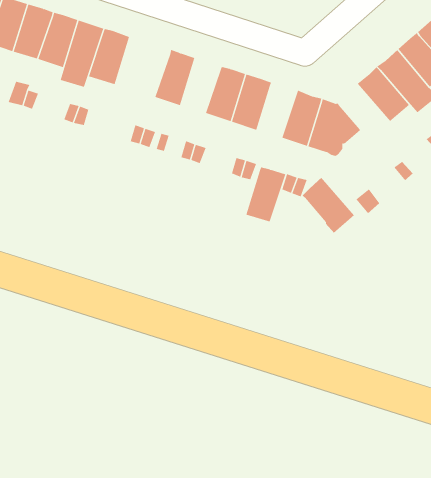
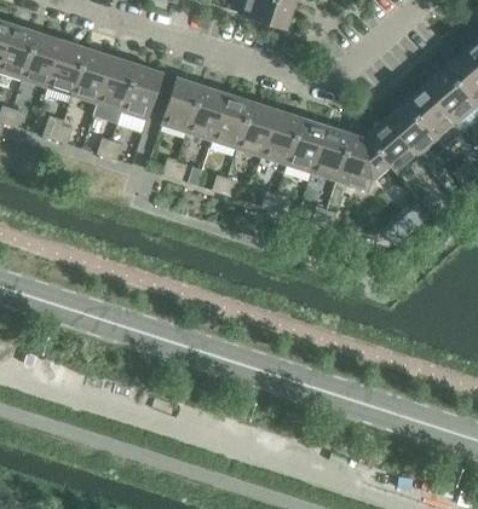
building: none -> [161,76,202,132]
building: none -> [212,93,252,148]
building: [246,167,286,222] -> [287,117,327,172]
building: [302,177,355,234] -> [365,118,417,174]

